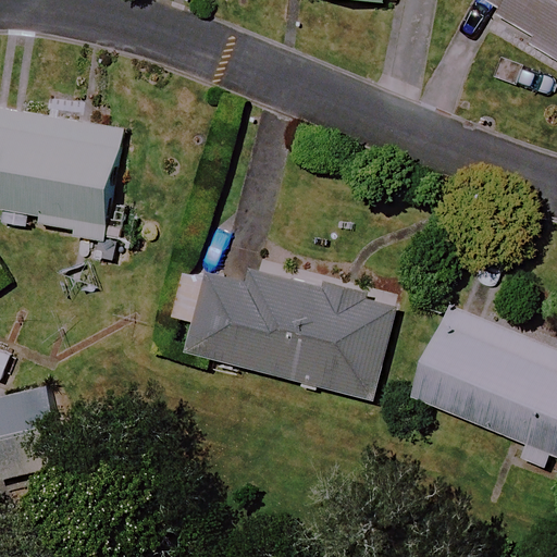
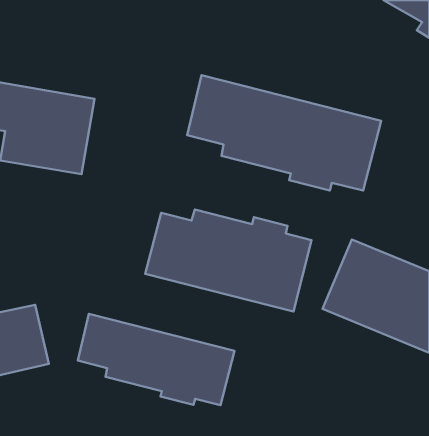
building: none -> [187,75,381,191]
building: none -> [78,314,234,405]

